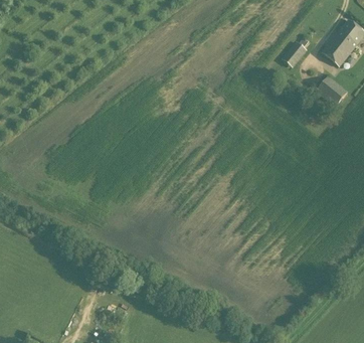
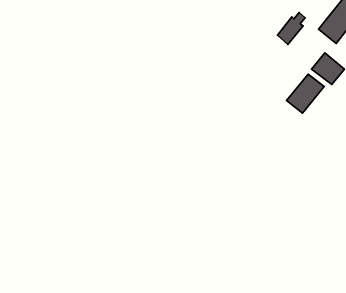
building: none -> [287,74,324,113]

